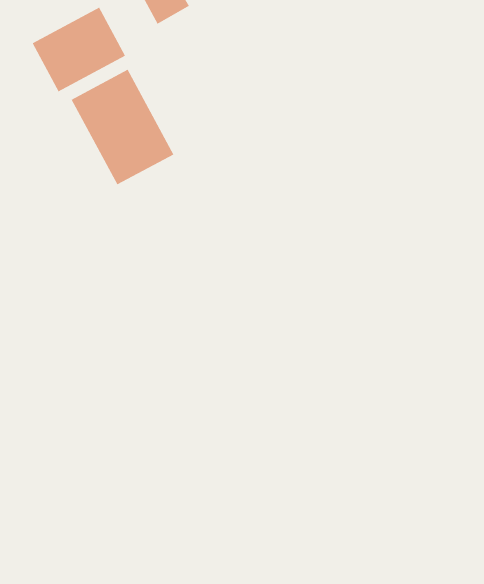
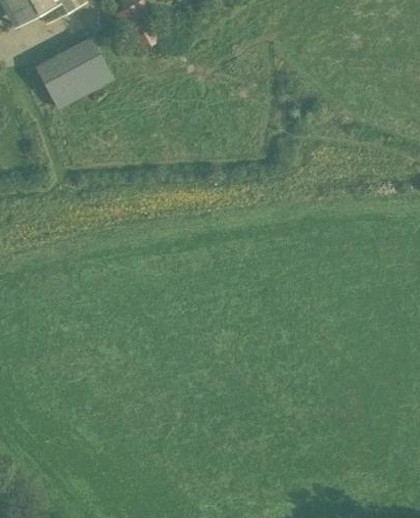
building: [71,69,174,185] -> none

